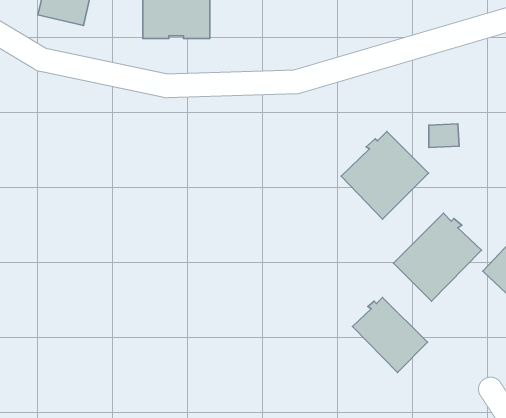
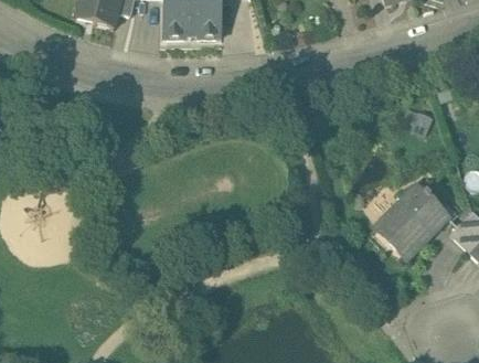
building: [341,131,429,219] -> none
building: [352,297,428,373] -> none

